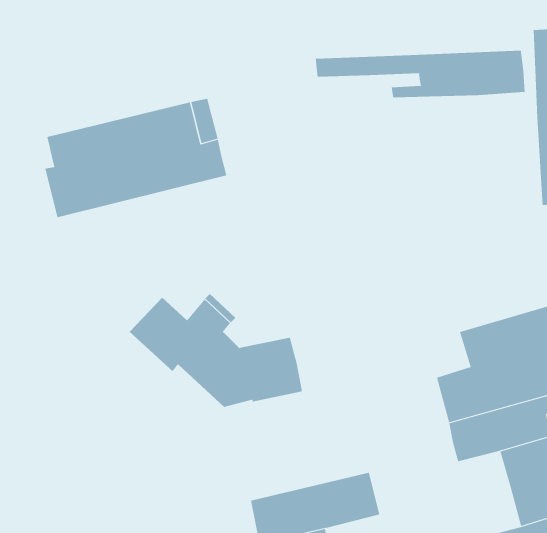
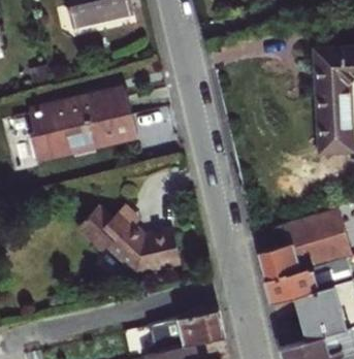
building: [315,50,525,98] -> none

